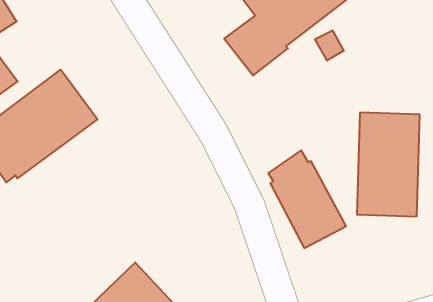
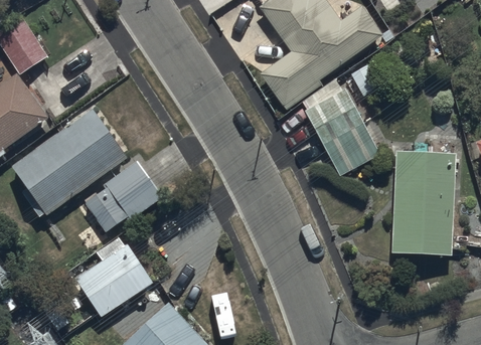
building: none -> [82,159,164,232]
building: [268,150,346,248] -> [302,78,380,177]
building: none -> [75,237,155,317]

